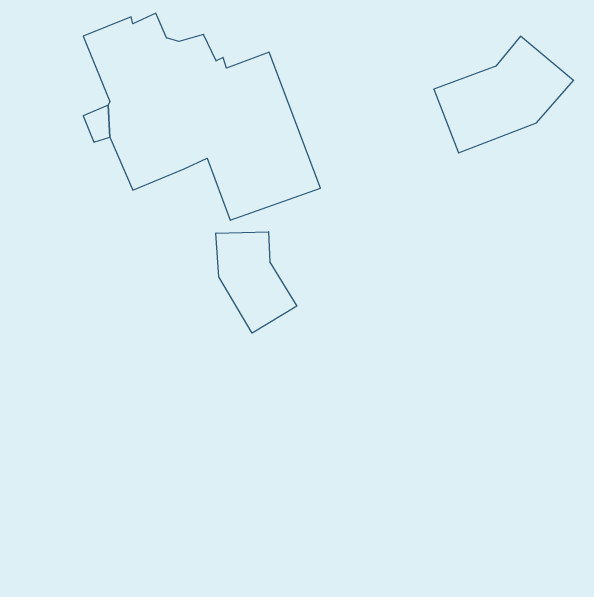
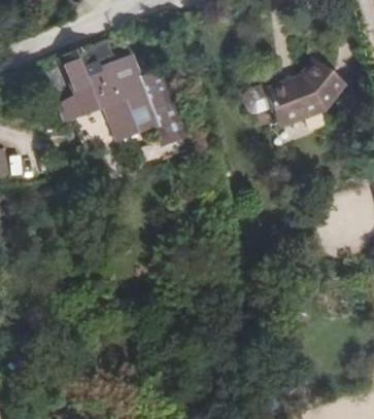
building: [216,232,297,333] -> none

